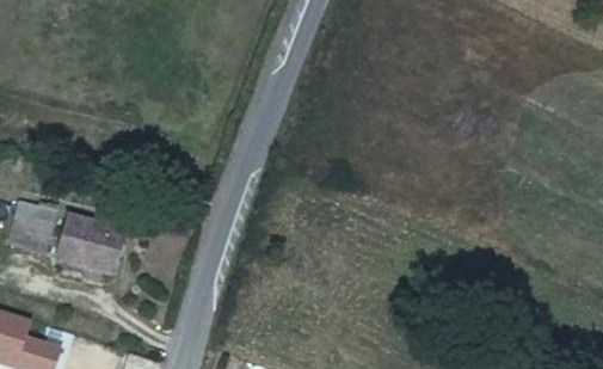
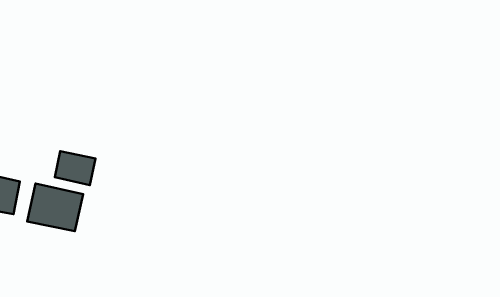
building: none -> [55,151,96,185]

